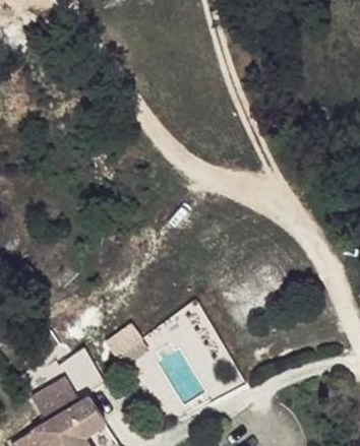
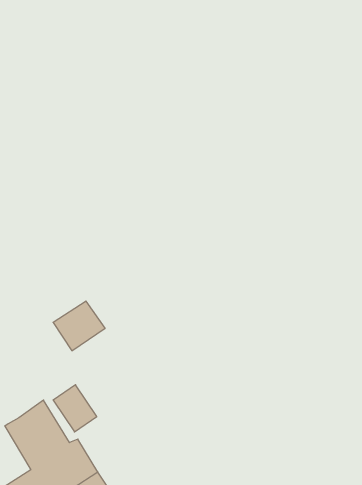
building: [106,323,151,366] -> [53,301,105,351]

